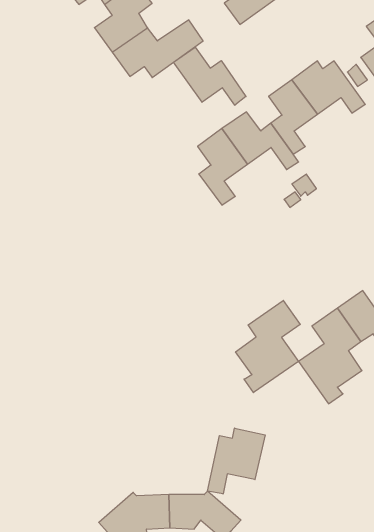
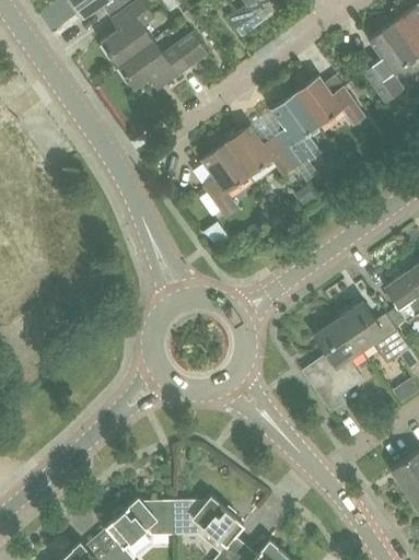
building: [174,47,246,105] -> none
building: [236,300,300,393] -> none
building: [208,428,265,494] -> none

